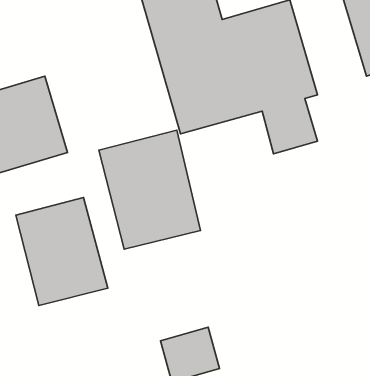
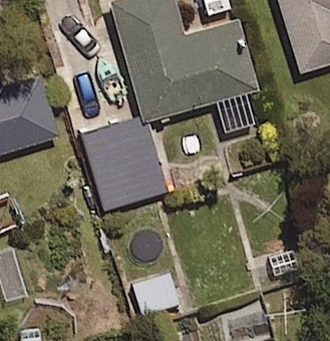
building: [16,198,108,305] -> none

